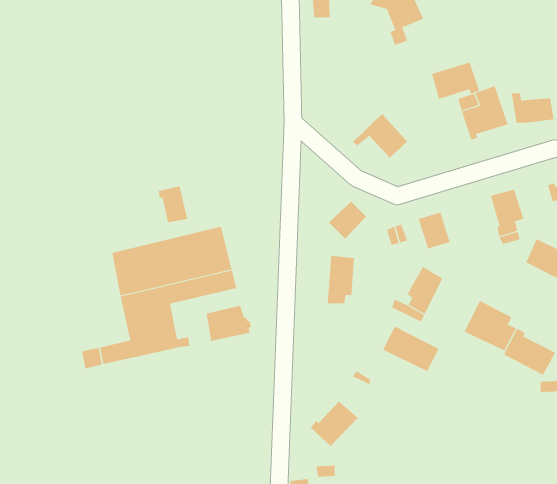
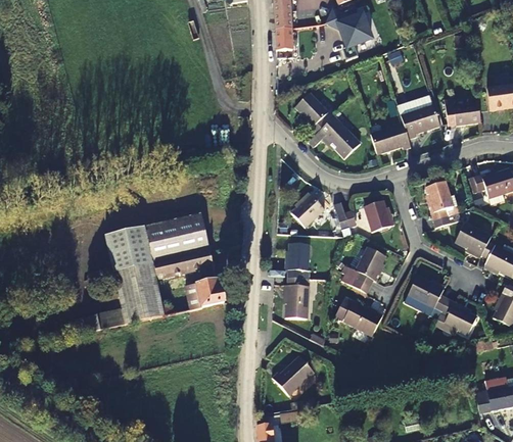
building: [431,62,480,99] -> [371,122,412,154]
building: none -> [295,91,329,134]
building: [158,185,188,223] -> none
building: none -> [285,278,309,318]

